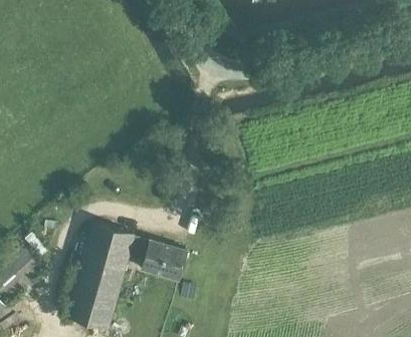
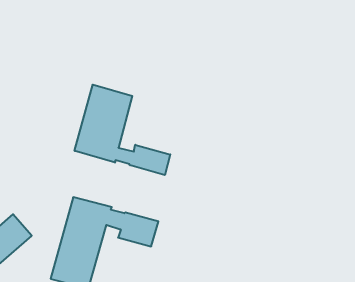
building: none -> [75,85,170,175]

